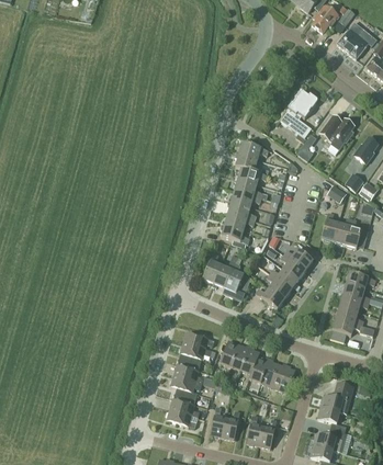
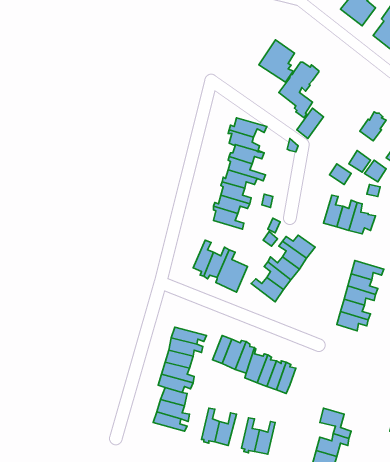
building: none -> [259,40,294,82]
building: [320,114,354,149] -> none
building: [322,381,356,412] -> none

